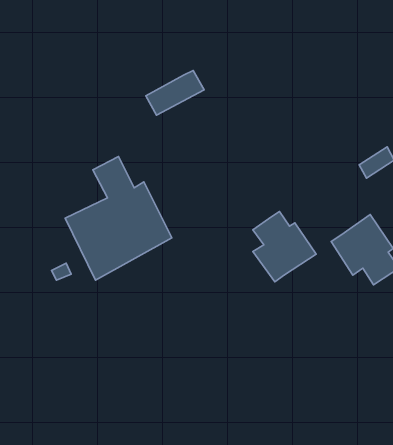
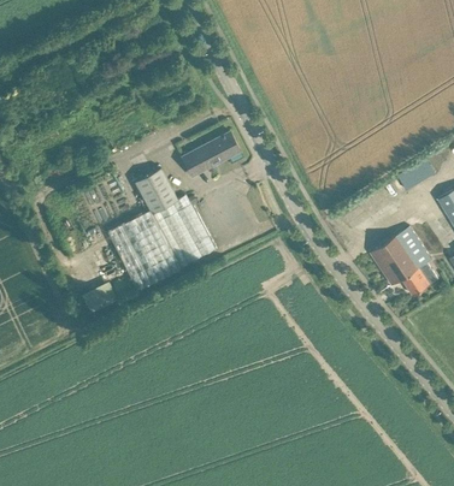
building: [146,70,204,115] -> [181,132,238,177]
building: [253,211,316,282] -> none

